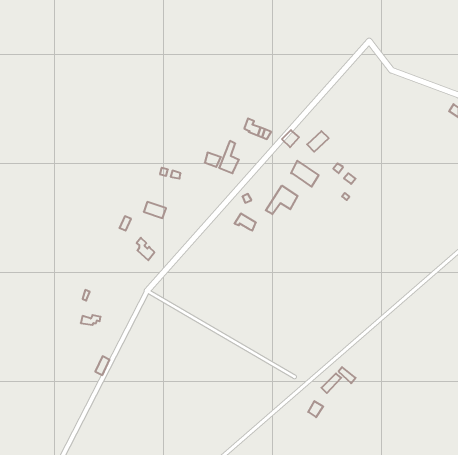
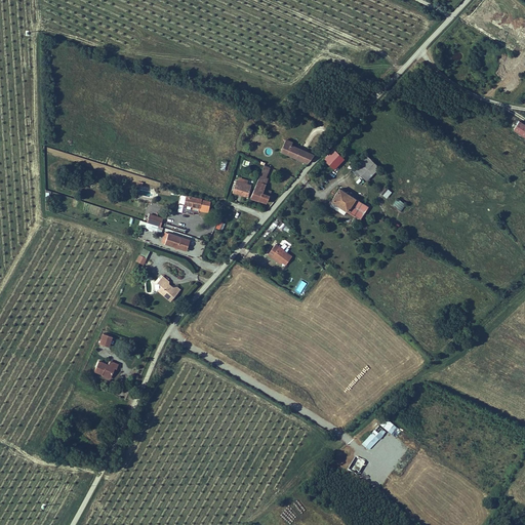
building: [266,186,298,214] -> none

